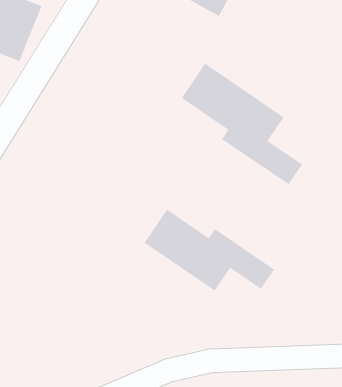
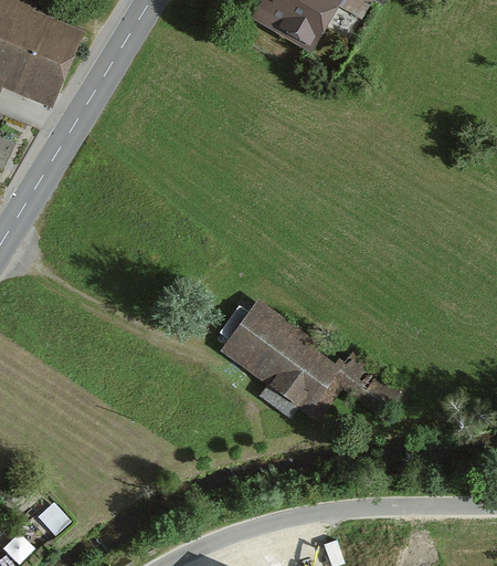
building: [181,63,303,185] -> none

